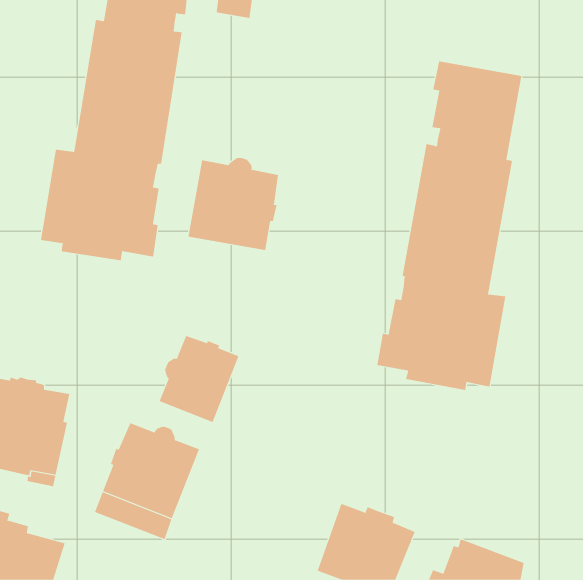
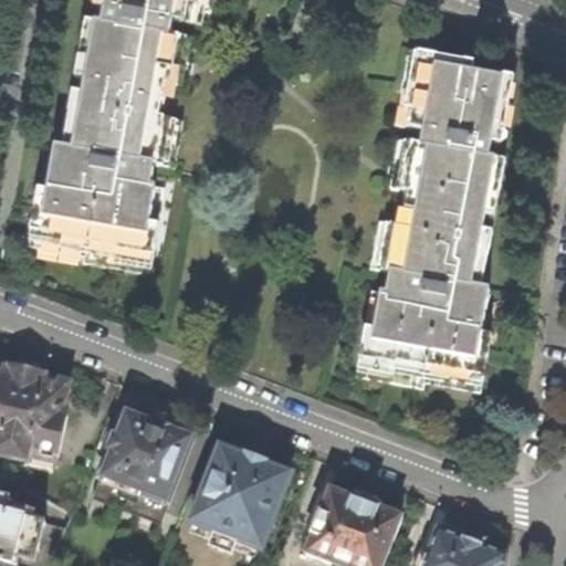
building: [188,157,279,251] -> none
building: [159,335,239,423] -> none
building: none -> [190,442,291,545]

